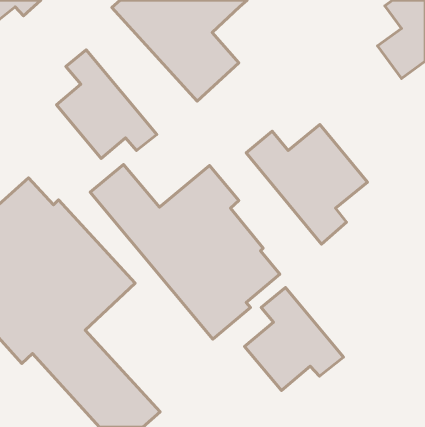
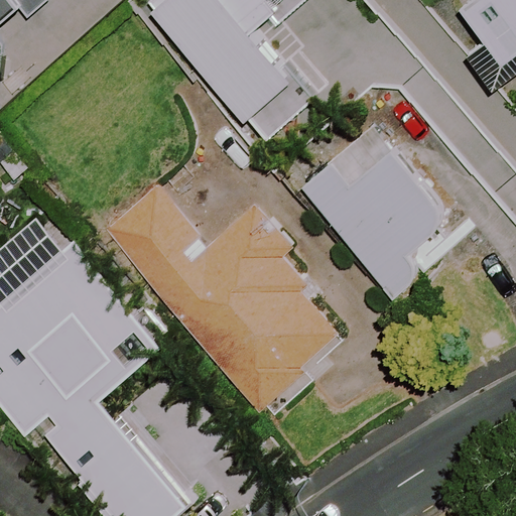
building: [56,50,157,159] -> none
building: [245,288,343,391] -> none

